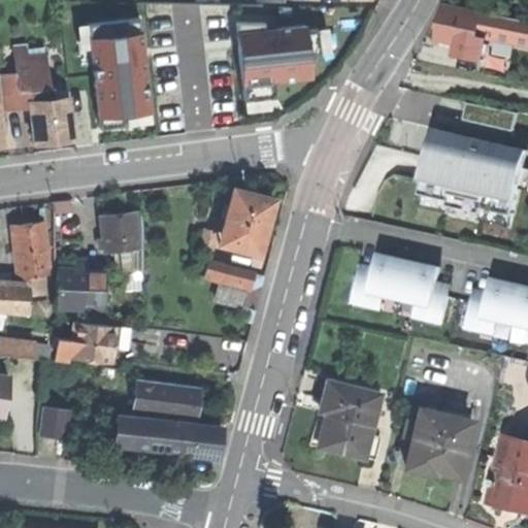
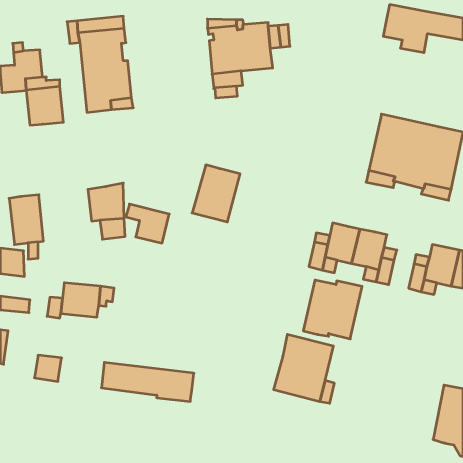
building: [203,262,253,306] -> [126,204,169,243]
building: [56,267,104,308] -> none
building: [133,378,198,421] -> none
building: [405,408,472,475] -> [303,280,362,339]

